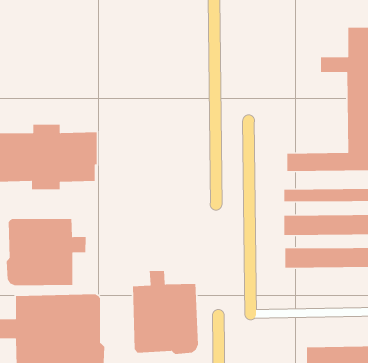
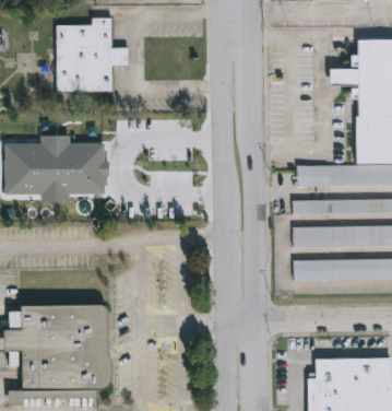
building: none -> [56,19,129,93]
building: [6,218,87,286] -> none
building: [132,270,199,355] -> none

